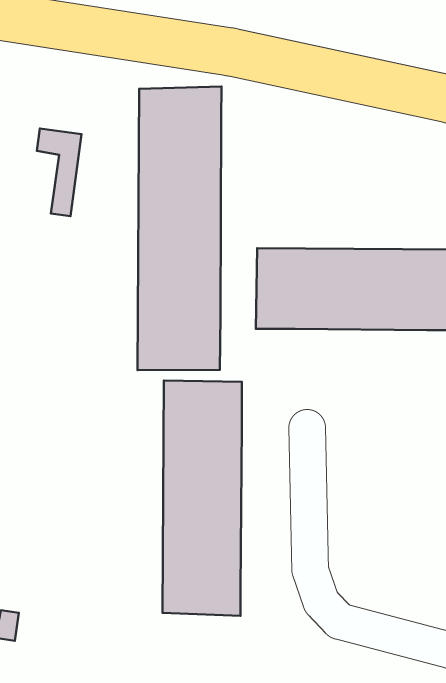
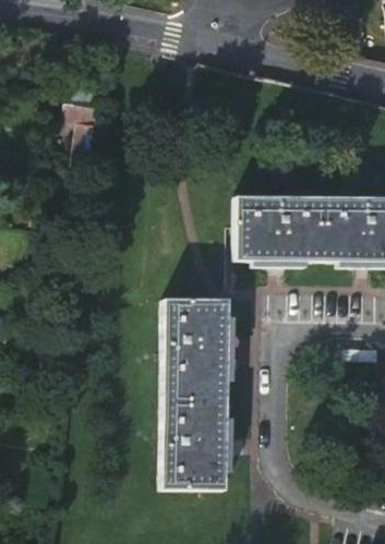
building: [137,86,222,370] -> none

